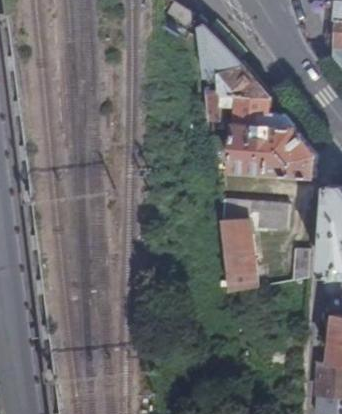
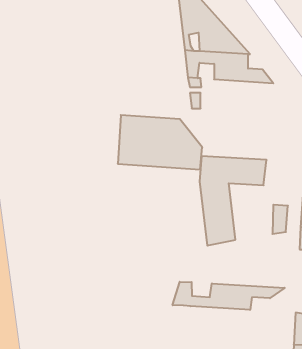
building: [234,121,321,177] -> [118,115,202,170]
building: none -> [173,282,285,310]

